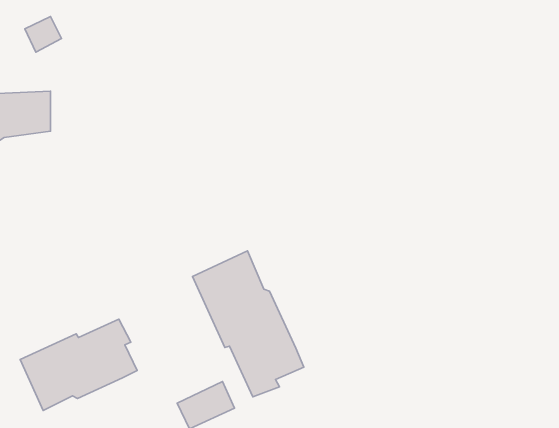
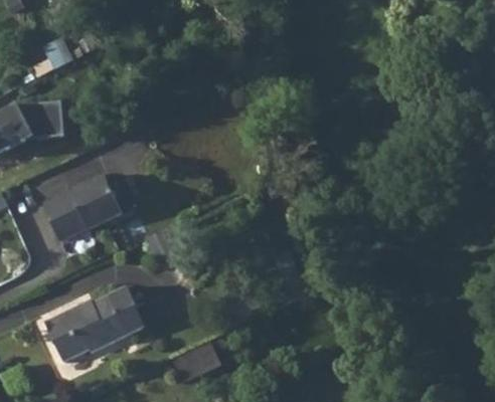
building: none -> [43,178,121,241]
building: [192,251,304,397] -> none

